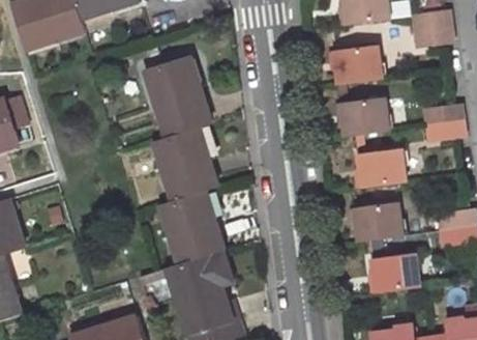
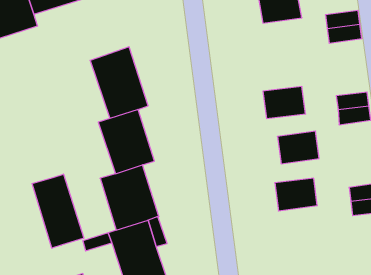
building: [335,48,384,85] -> none
building: none -> [32,174,84,248]
building: [371,255,419,291] -> none

